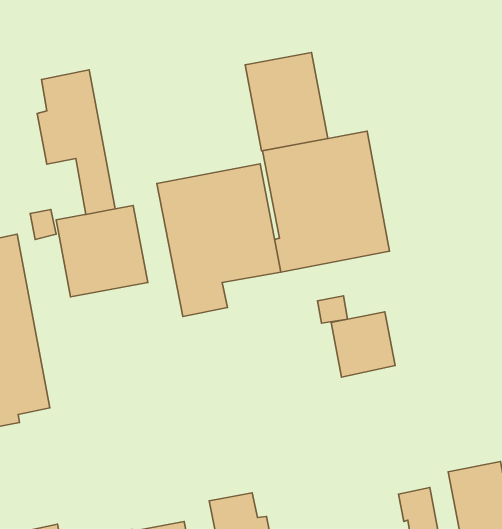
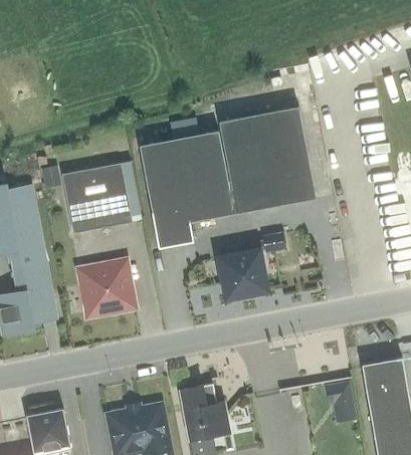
building: [245,52,328,151] -> none
building: [37,70,115,214] -> none
building: [331,312,395,377] -> [218,249,267,299]
building: none -> [77,260,135,317]

